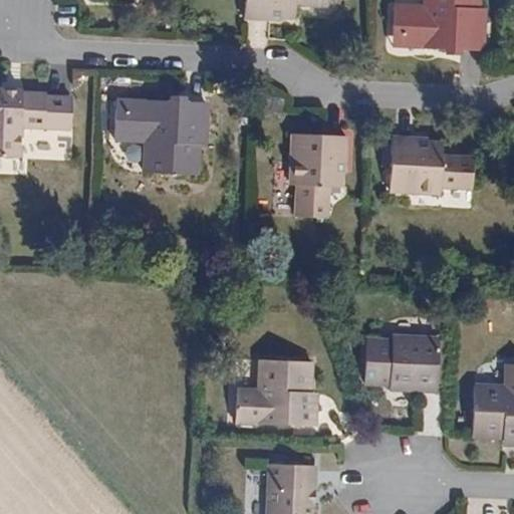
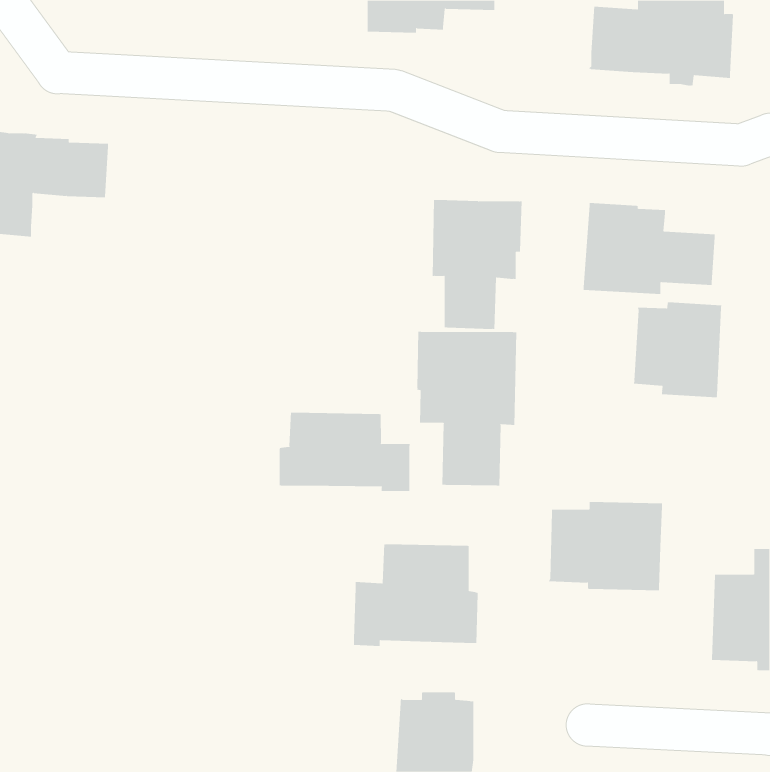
building: [113,95,210,177] -> none
building: none -> [634,301,722,398]
building: none -> [417,331,517,486]
building: none -> [279,412,410,492]

